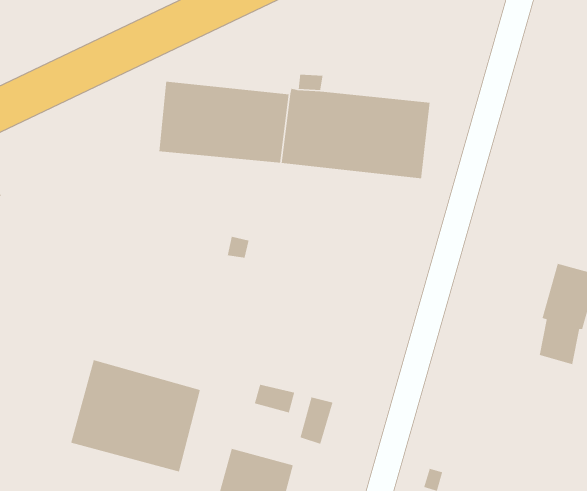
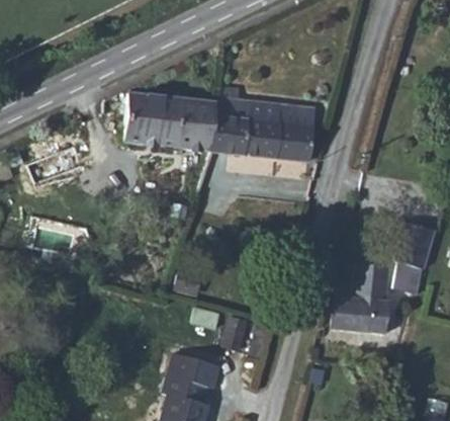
building: none -> [333,264,389,335]
building: [70,359,201,473] -> none

